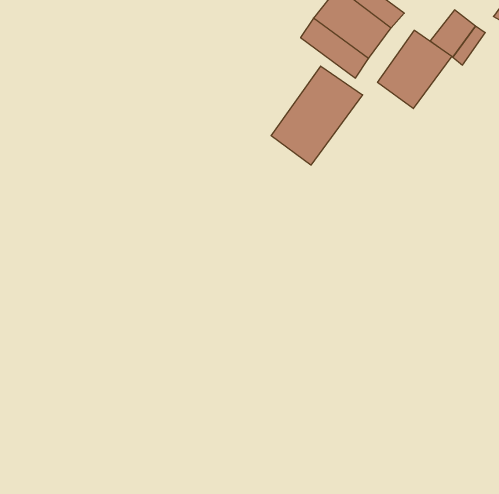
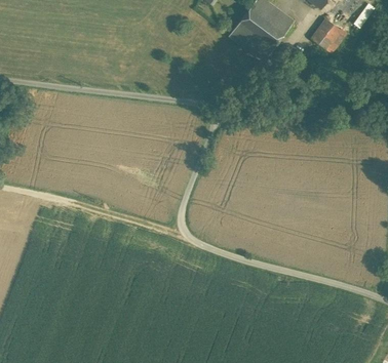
building: [378,30,452,109] -> none
building: [271,66,363,165] -> none

